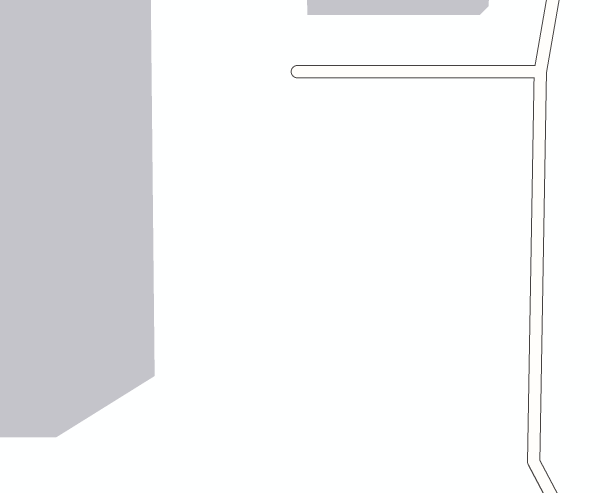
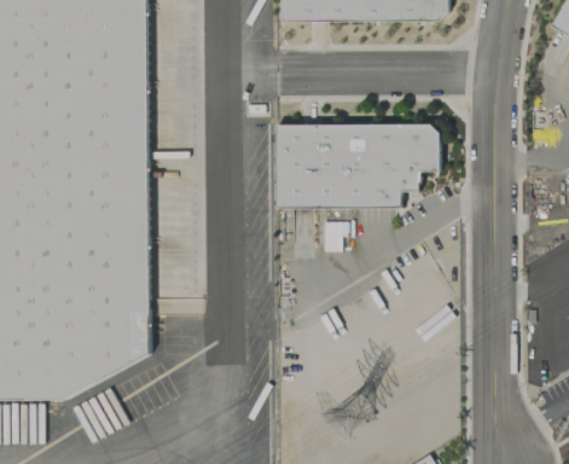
building: none -> [274,122,439,207]

